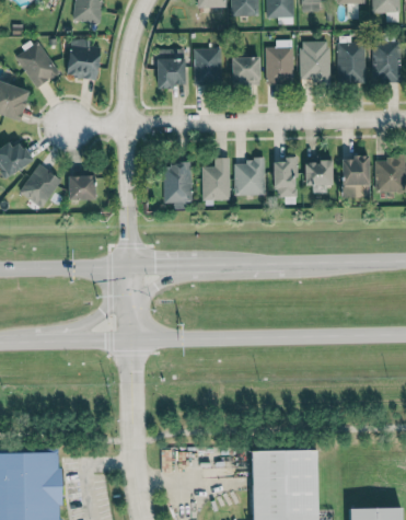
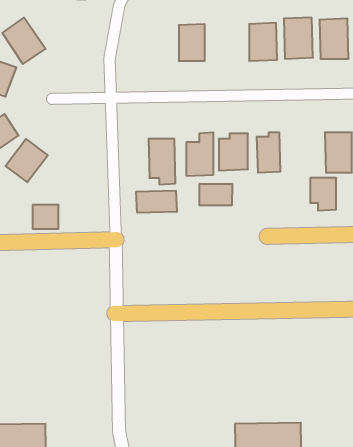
building: [69,38,101,78] -> none
building: [158,48,185,89] -> none
building: [233,57,260,85] -> none
building: [305,160,332,193] -> [310,178,336,211]
building: [69,175,95,199] -> [33,205,59,229]
building: none -> [199,184,232,205]
building: none -> [136,191,177,213]

